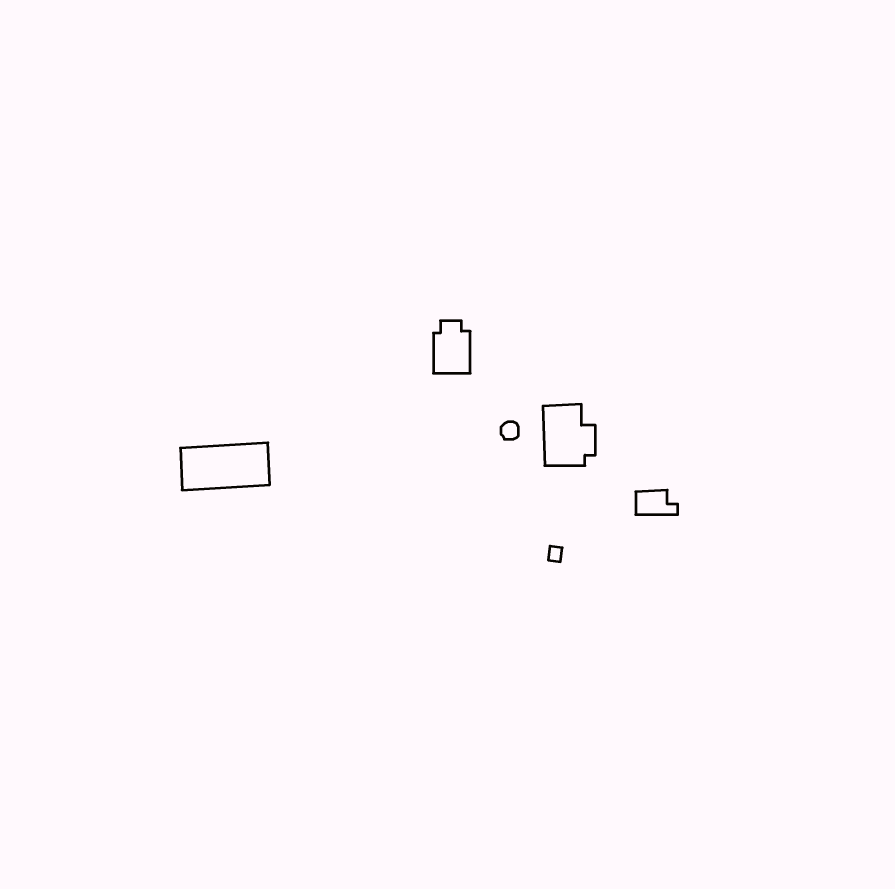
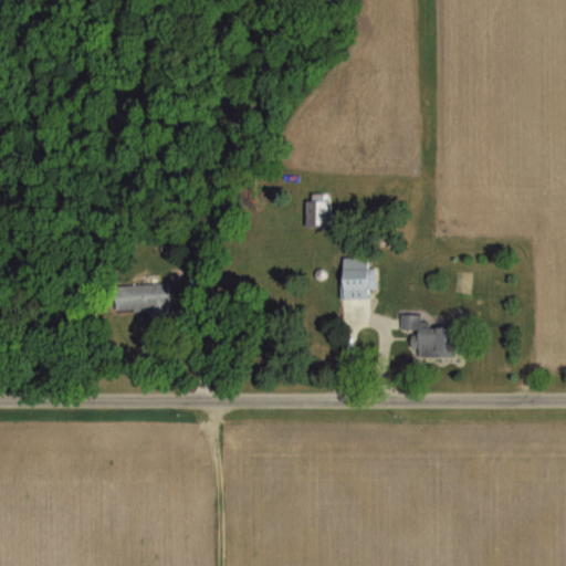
building: [433,321,470,373] -> [306,195,329,228]
building: none -> [410,333,452,356]

